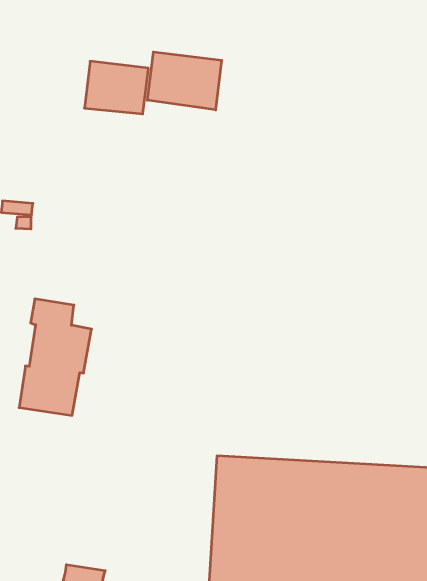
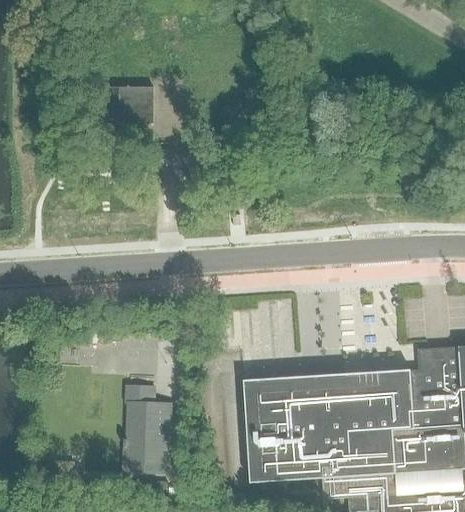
building: [147,52,222,110] -> none
building: [19,299,92,415] -> [123,385,172,472]

